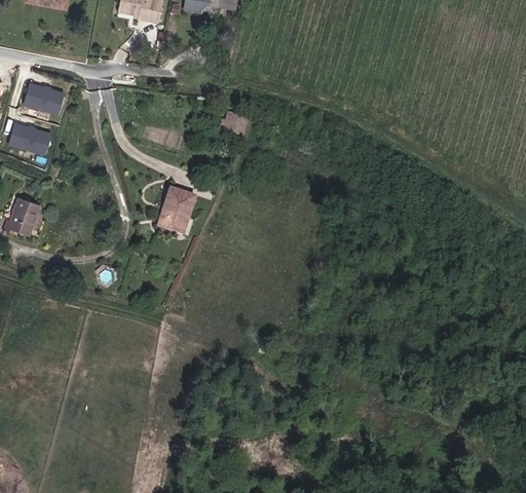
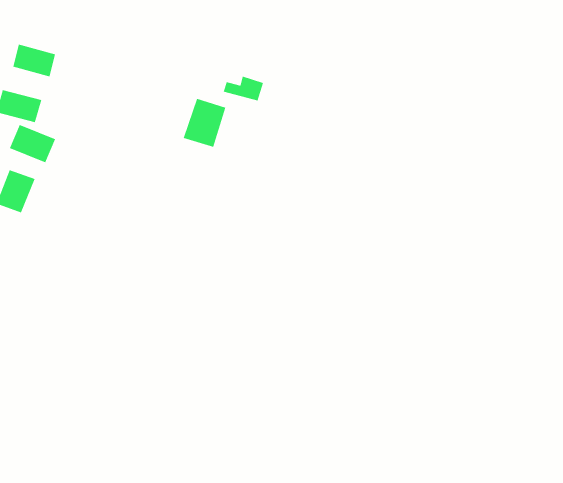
building: none -> [9,124,56,163]
building: [159,190,198,234] -> [183,98,226,147]

